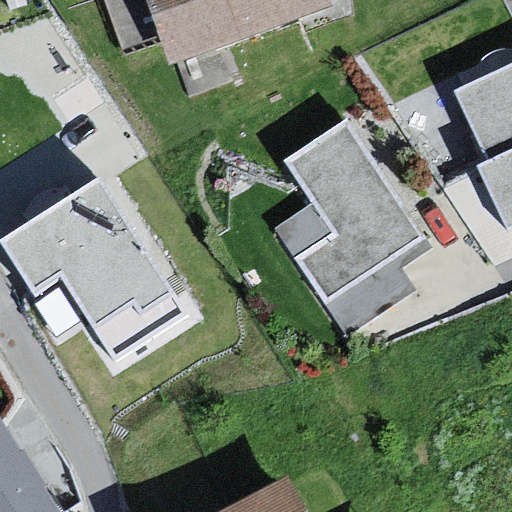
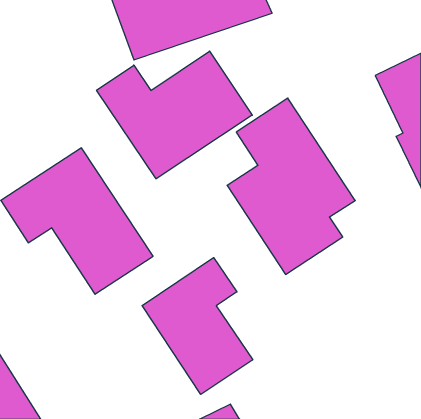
building: none -> [97,51,252,179]
building: none -> [142,258,253,394]

